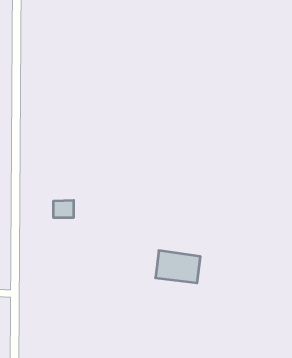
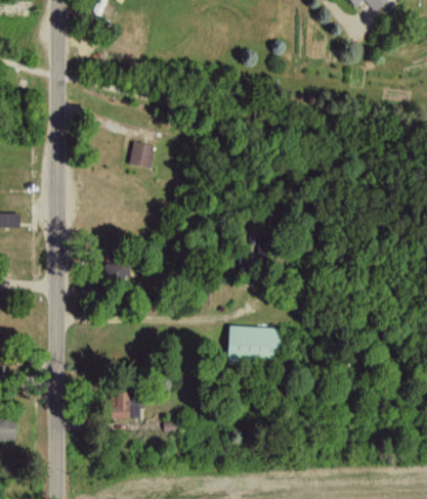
building: none -> [128,140,155,168]
building: none -> [110,393,140,418]

